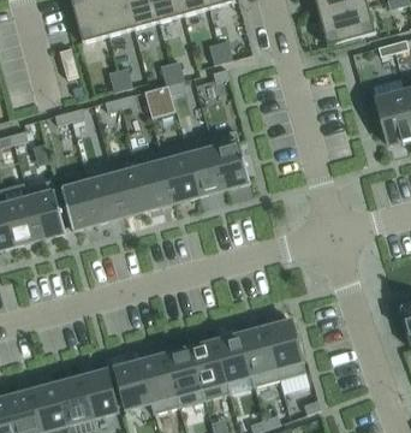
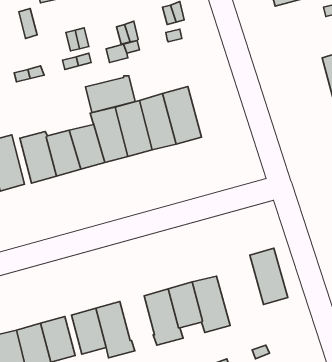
building: none -> [85,76,135,113]
building: [266,320,305,379] -> [250,248,288,304]
building: [165,348,201,395] -> none

